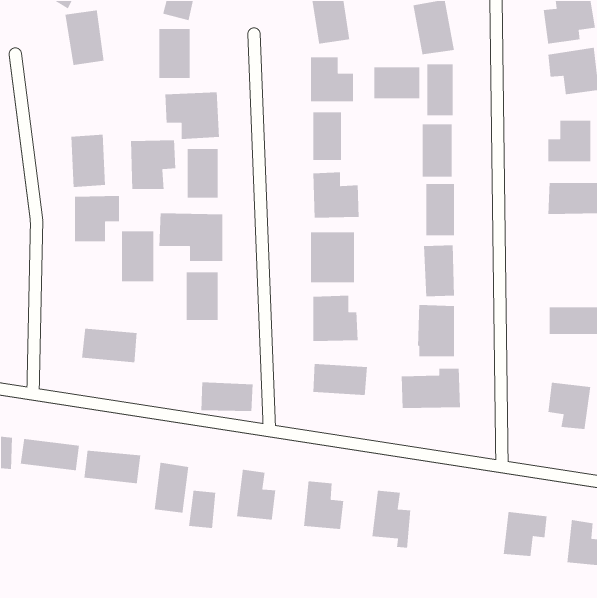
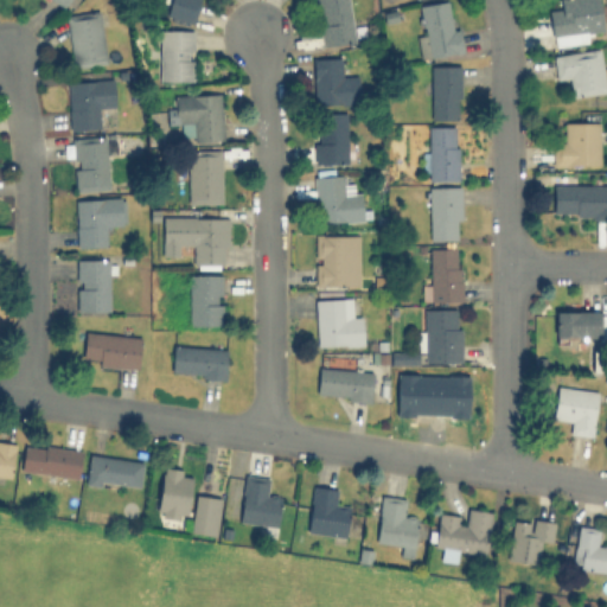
building: [374,67,420,99] -> none
building: [130,139,176,190] -> [70,79,116,130]
building: [121,230,154,282] -> [78,260,111,312]
building: [200,381,253,412] -> [174,347,228,378]
building: none -> [437,511,494,563]

